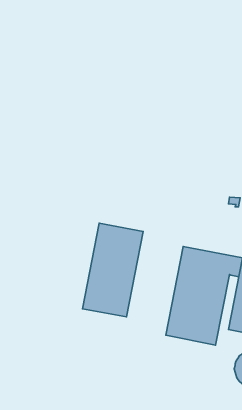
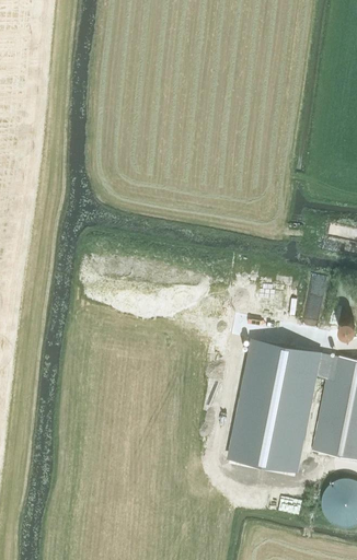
building: [82,223,143,317] -> none

